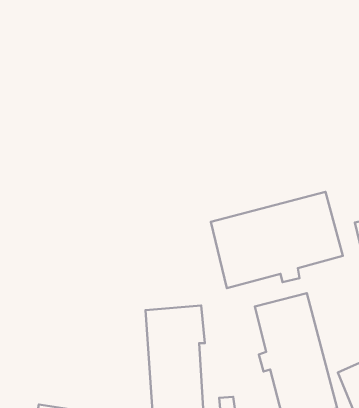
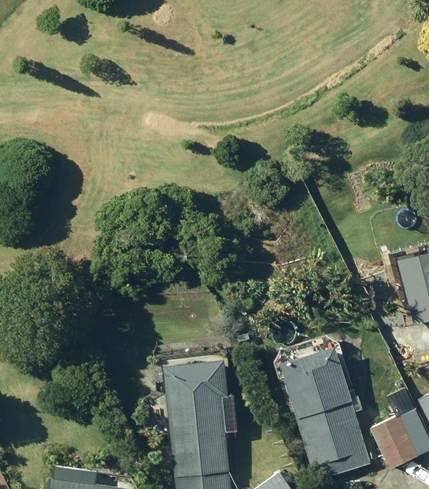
building: [211,192,343,288] -> none

